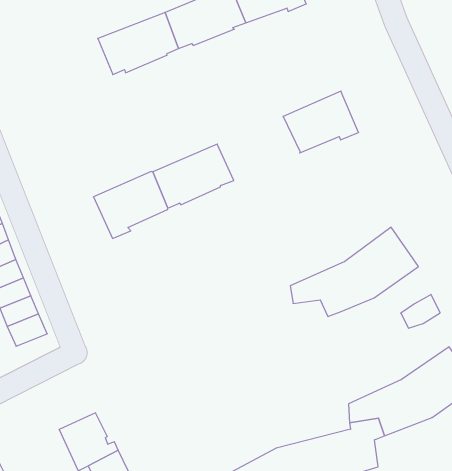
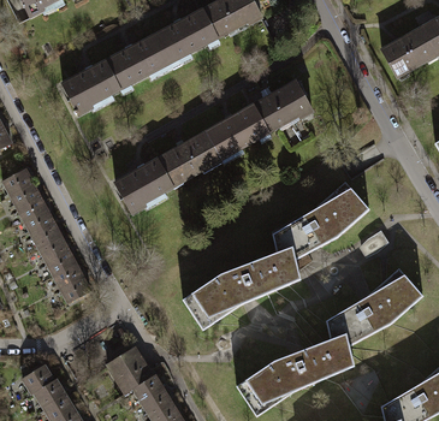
building: none -> [63,60,121,113]
building: none -> [206,105,269,158]
building: none -> [183,242,304,328]

